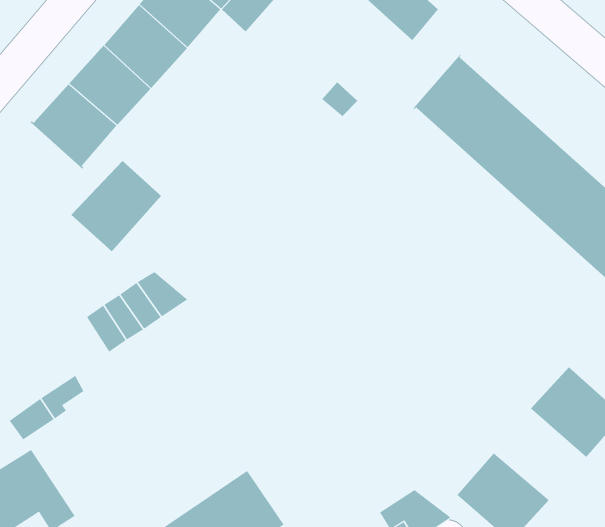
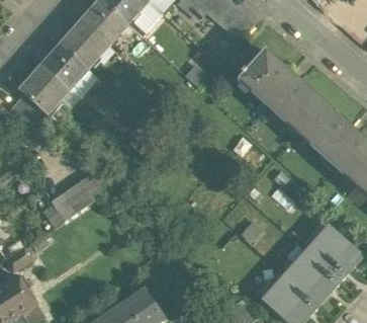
building: [71,160,162,252] -> none
building: none -> [285,252,339,305]

